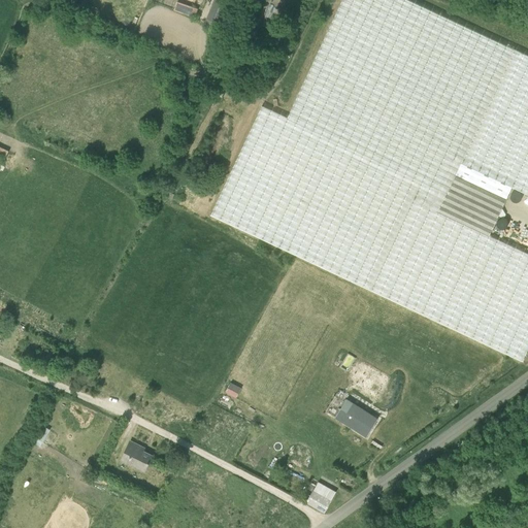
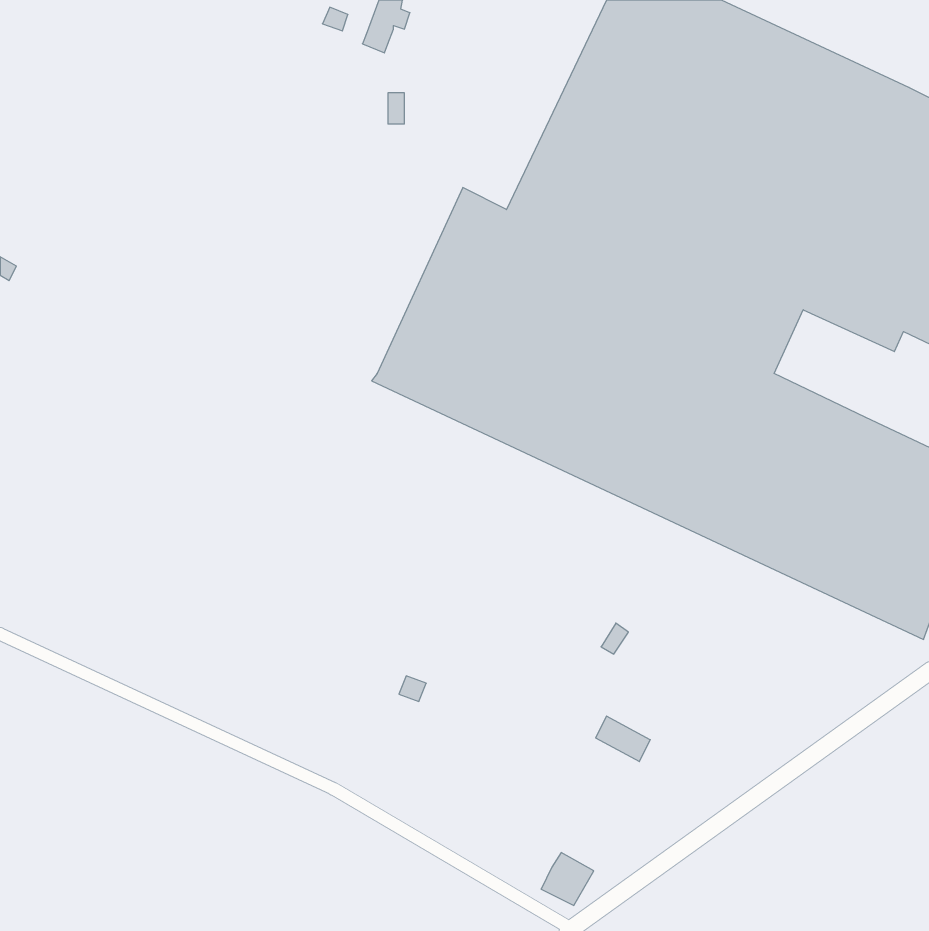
building: [439,175,507,236] -> none
building: [123,441,154,471] -> none

